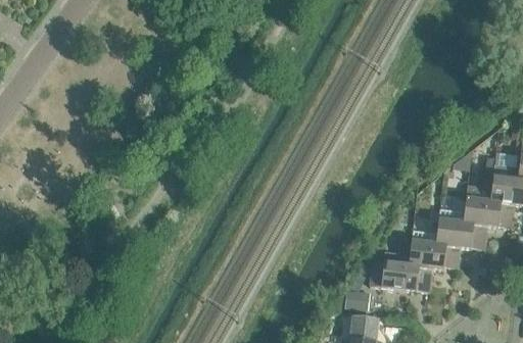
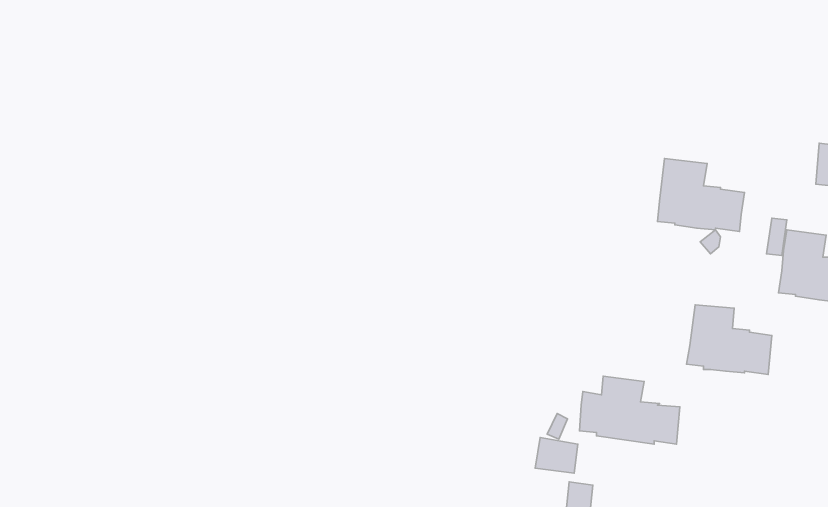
building: [463,185,515,229] -> [658,158,744,232]
building: [408,230,459,272] -> none

